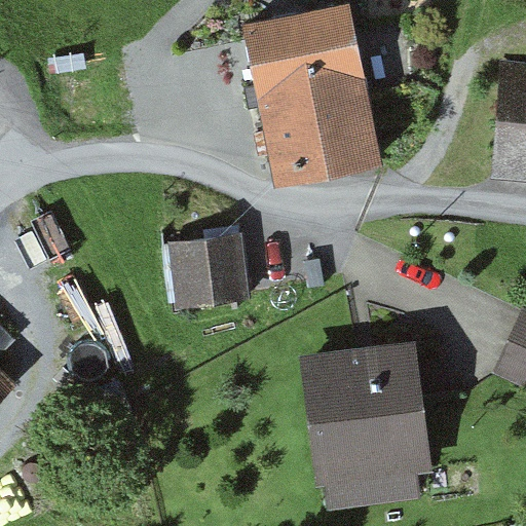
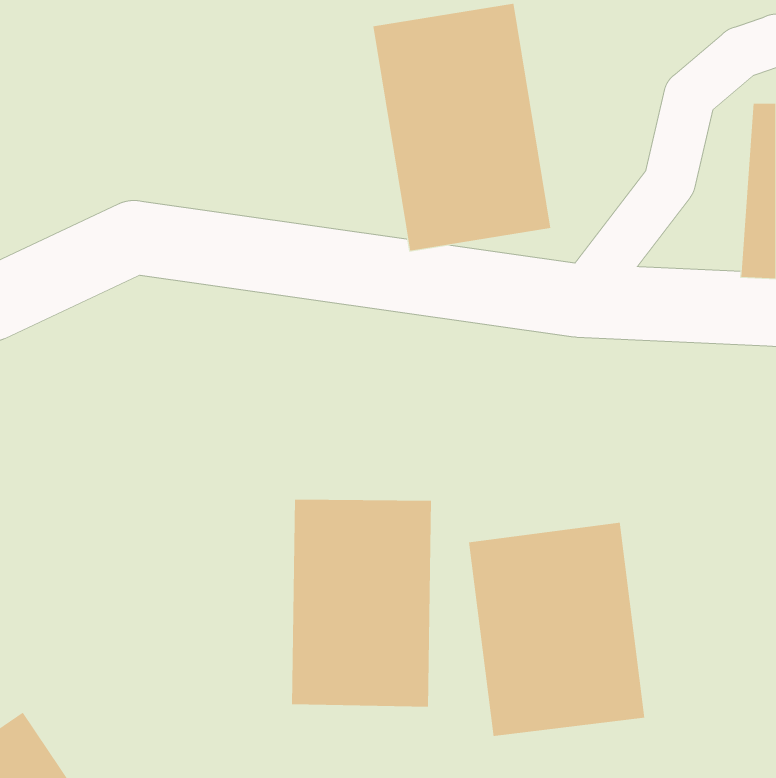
building: [165,237,242,312] -> none
building: none -> [291,499,431,707]

